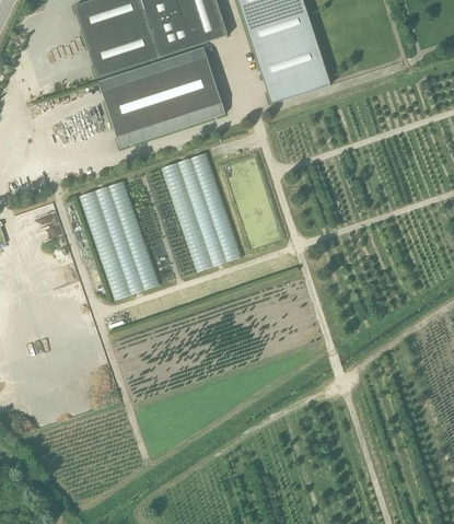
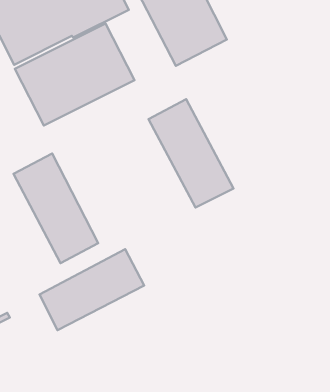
building: [160,152,240,270] -> [149,99,233,207]
building: none -> [39,249,144,330]

